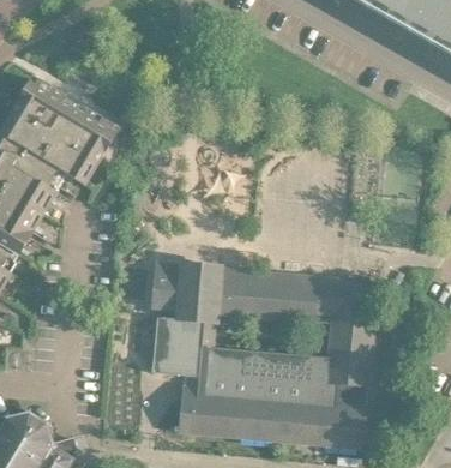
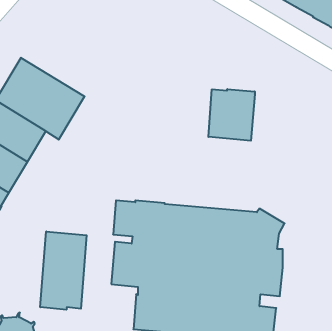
building: none -> [208,89,255,141]
building: none -> [40,231,87,310]

